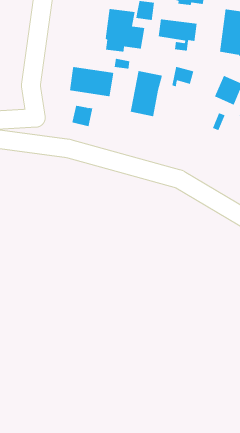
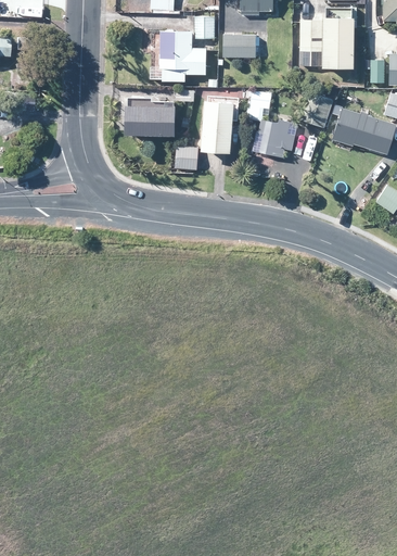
building: none -> [252,119,297,156]
building: [71,105,93,127] -> [175,146,198,169]

